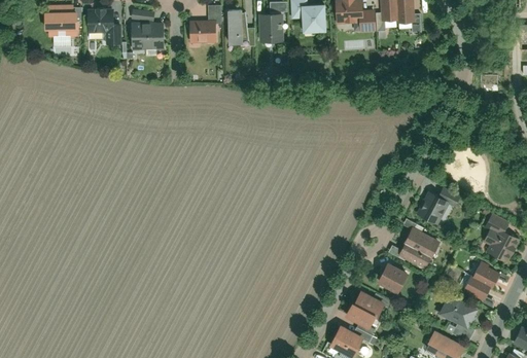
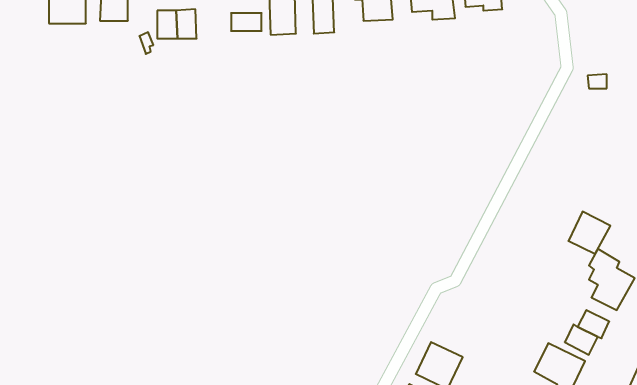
building: [416,190,450,224] -> [568,212,610,254]
building: [397,226,442,271] -> none
building: [376,261,410,294] -> none

